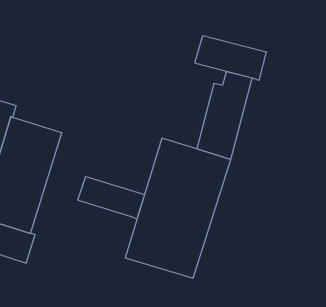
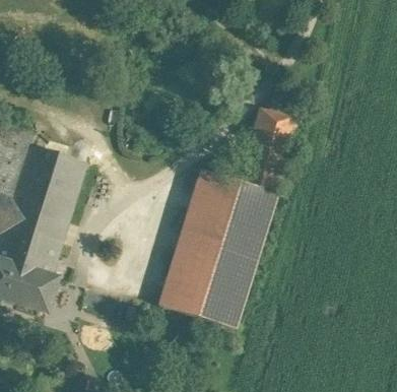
building: [195,36,266,80] -> none
building: [78,176,145,219] -> none

